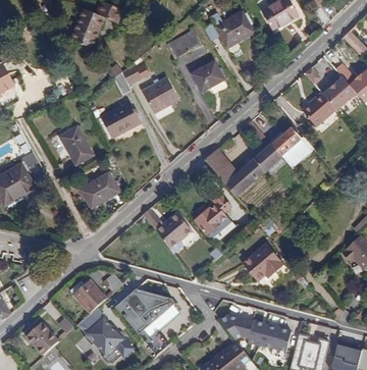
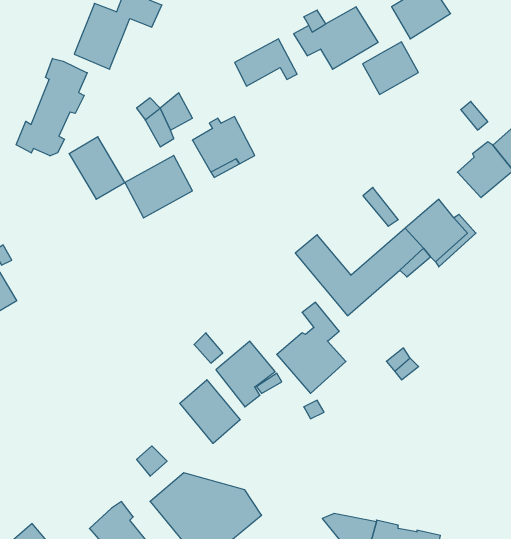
building: none -> [16,58,87,156]
building: [191,60,224,92] -> [363,42,418,94]
building: [59,126,93,164] -> [69,137,125,199]
building: [80,172,120,209] -> none
building: none -> [180,380,240,443]
building: [242,244,283,280] -> none
building: [76,280,109,313] -> none

